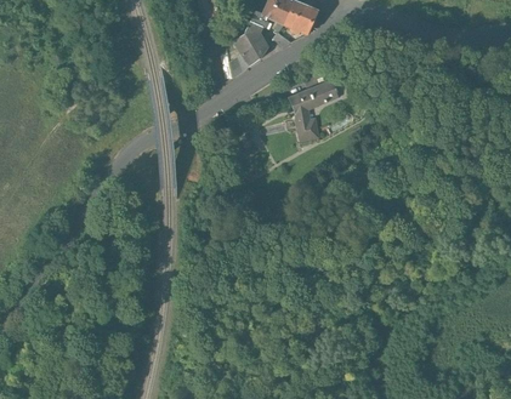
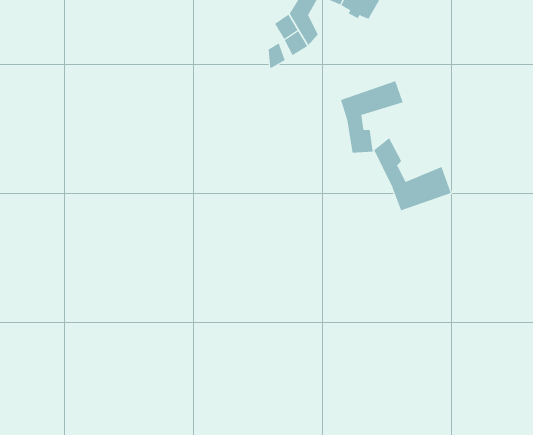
building: none -> [373,137,451,211]

